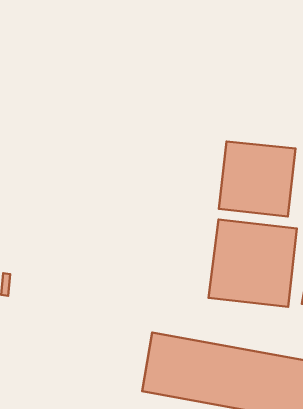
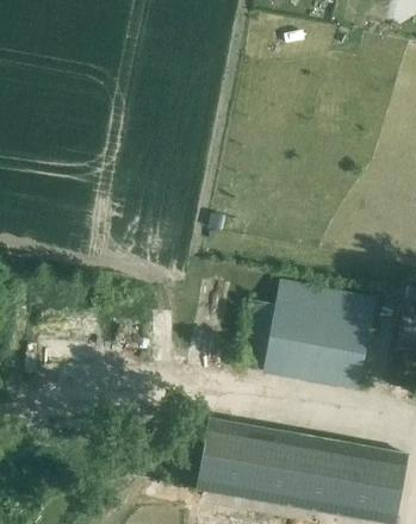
building: [219,141,296,217] -> none

